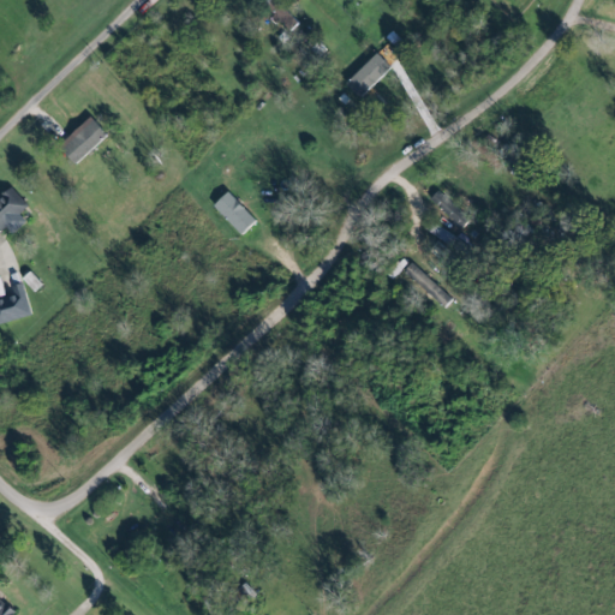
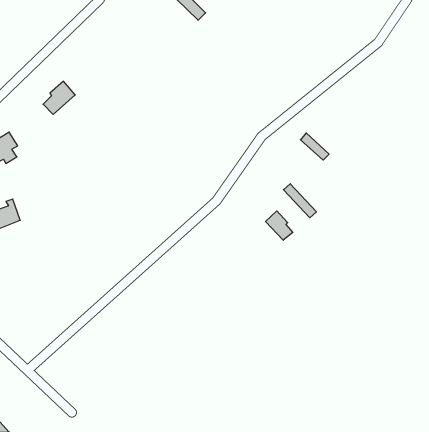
building: [345,50,390,97] -> none
building: [211,191,256,234] -> none
building: none -> [266,211,293,240]

